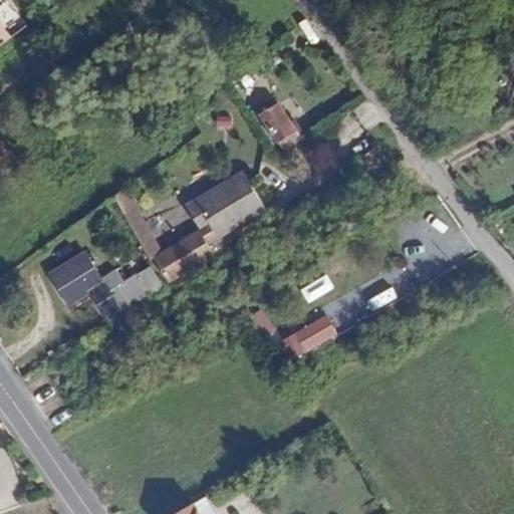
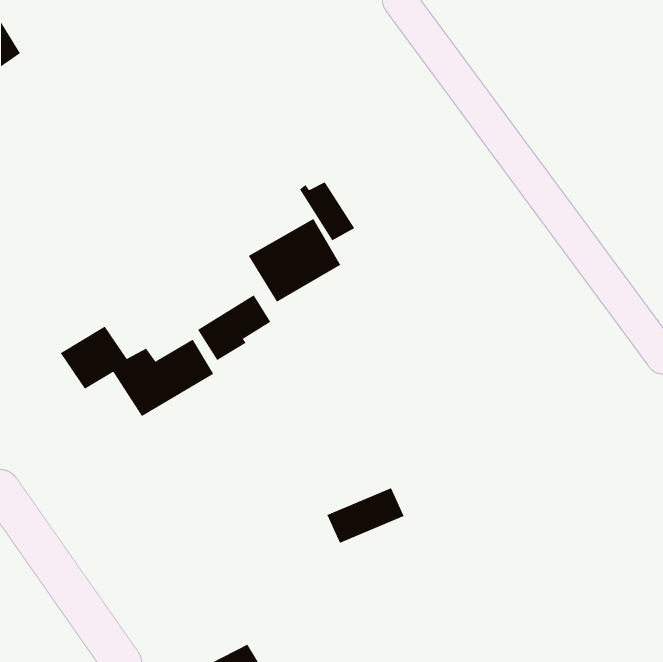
building: [257,101,300,148] -> [299,182,355,241]
building: [279,318,339,361] -> [327,488,404,543]

